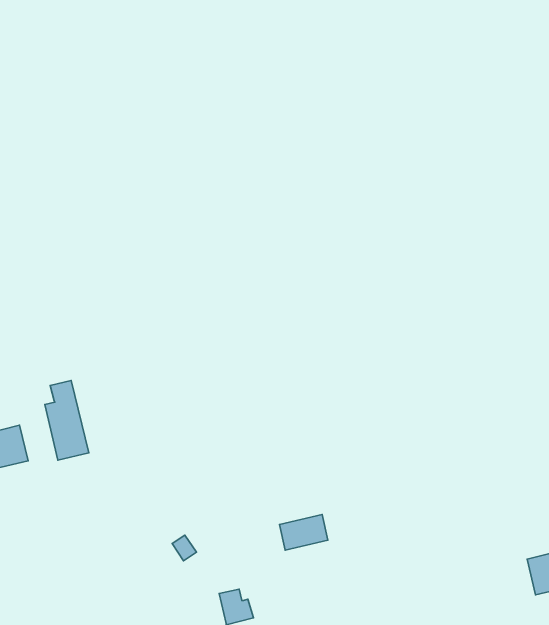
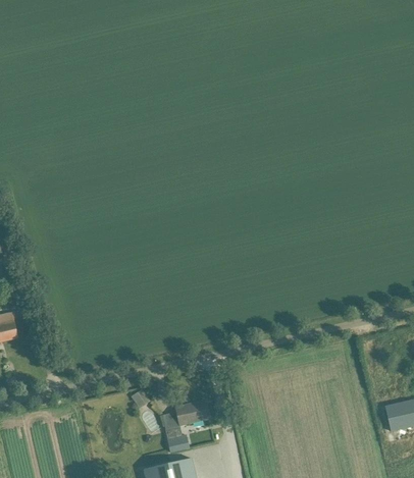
building: [45,380,89,460] -> none
building: [279,514,328,550] -> [174,400,209,425]

